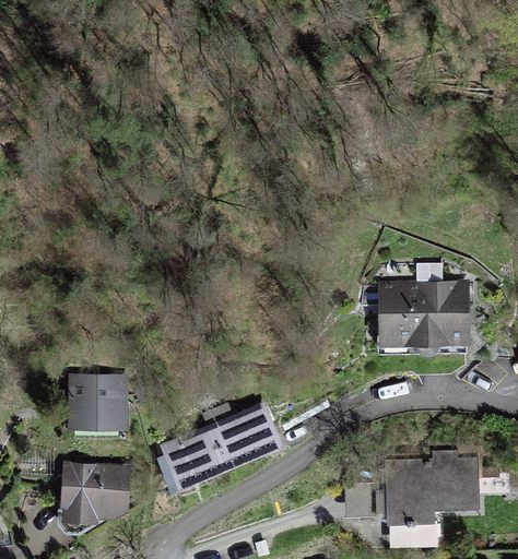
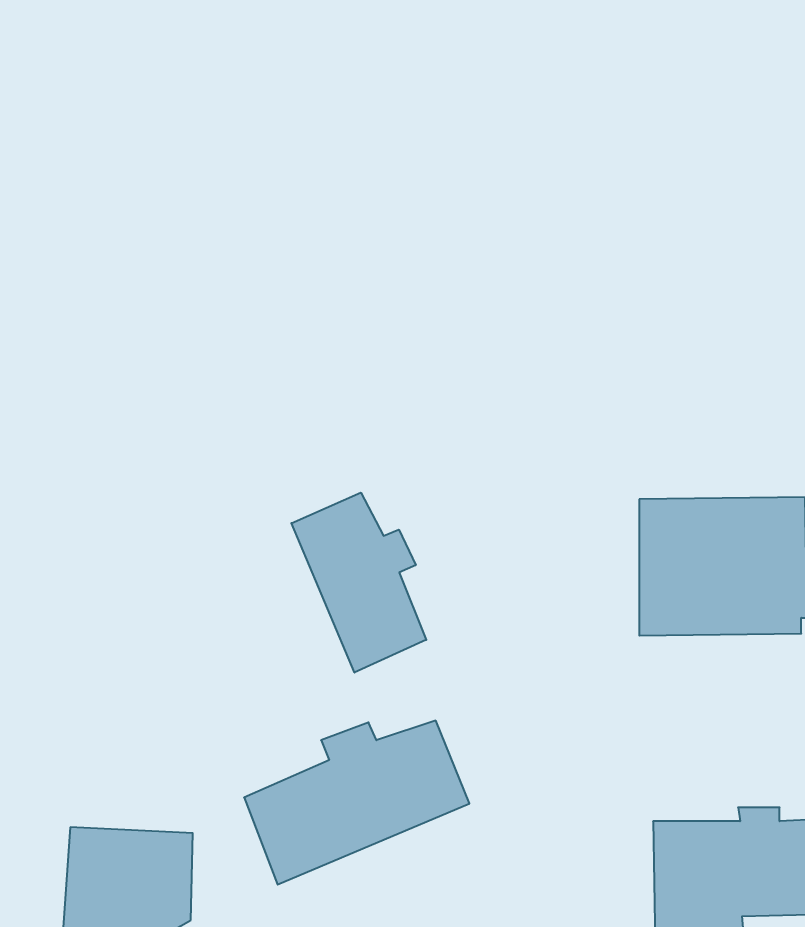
building: none -> [291,493,426,673]
building: [67,372,130,432] -> none

